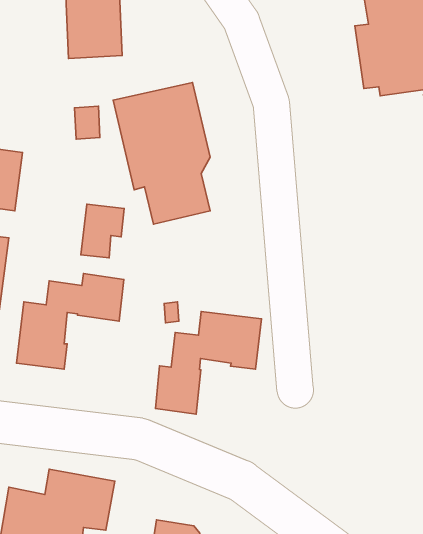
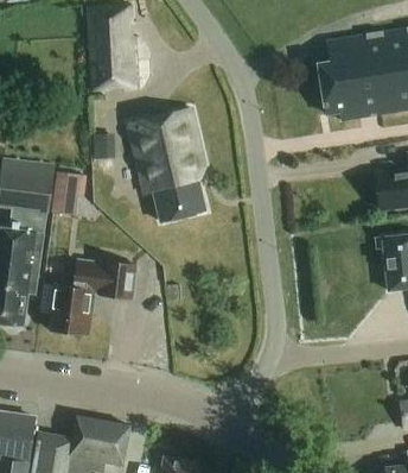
building: [81,204,124,258] -> [53,171,88,214]
building: [155,312,261,414] -> none

